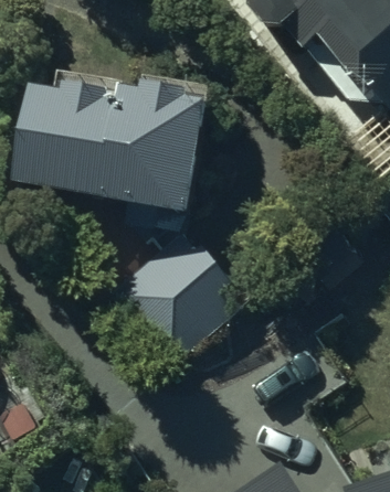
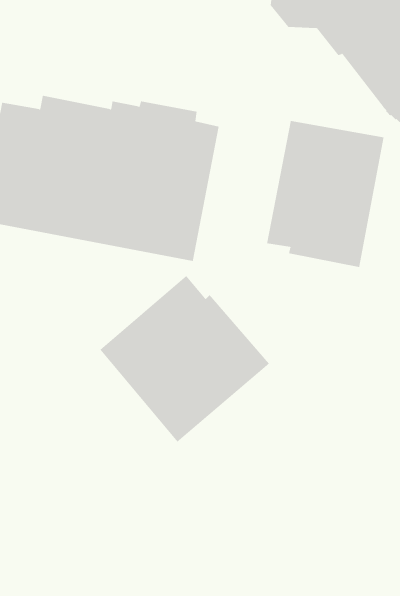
building: none -> [267,120,384,268]

